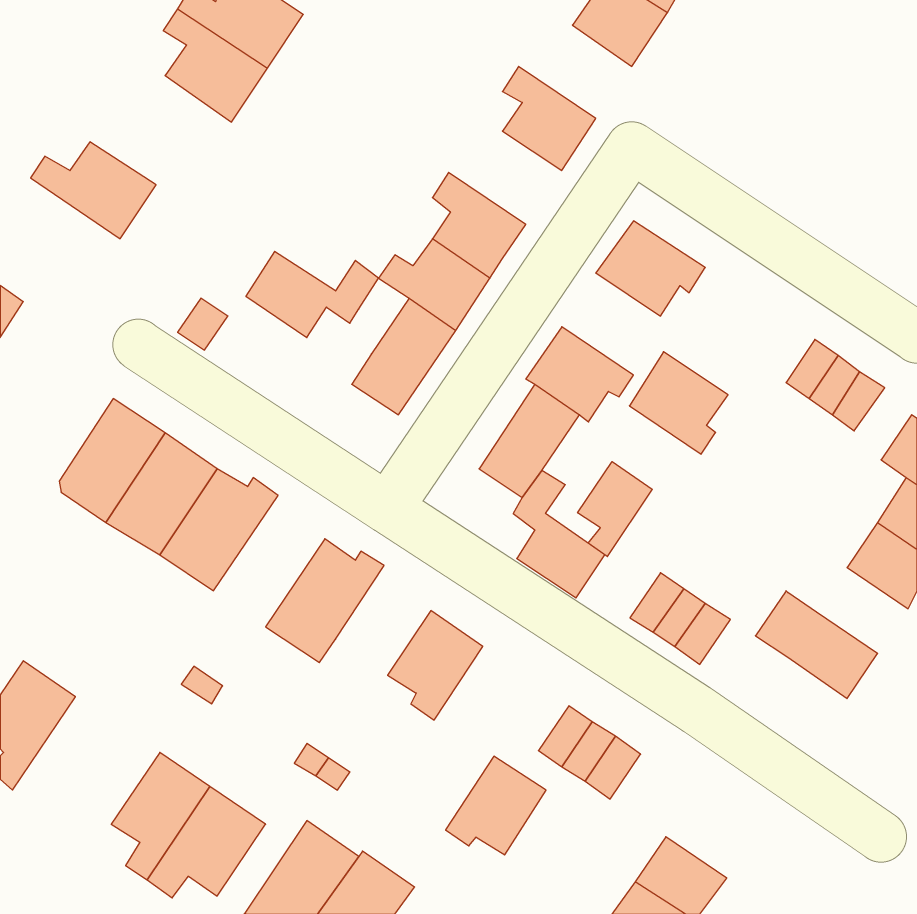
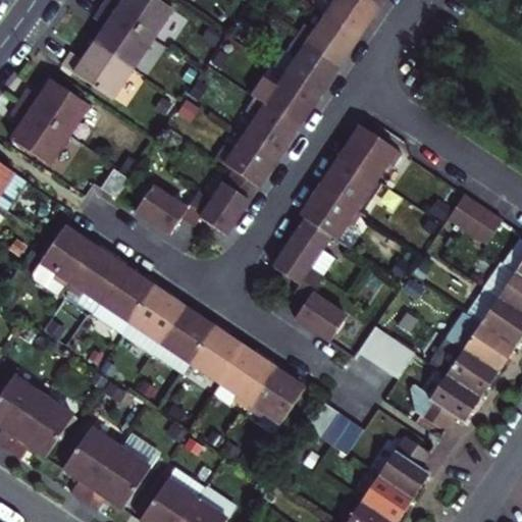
building: none -> [295,14,359,67]
building: none -> [61,43,132,99]
building: none -> [255,74,319,127]
building: none -> [9,101,68,165]
building: [246,251,379,338] -> [136,186,211,234]
building: [629,352,728,454] -> [319,155,375,213]
building: [578,462,652,557] -> none
building: none -> [121,281,185,356]
building: none -> [448,311,516,371]
building: none -> [191,321,245,383]
building: none -> [410,373,481,430]
building: none -> [7,396,73,458]
building: [446,756,546,855] -> [247,367,304,423]
building: none -> [378,435,430,499]

